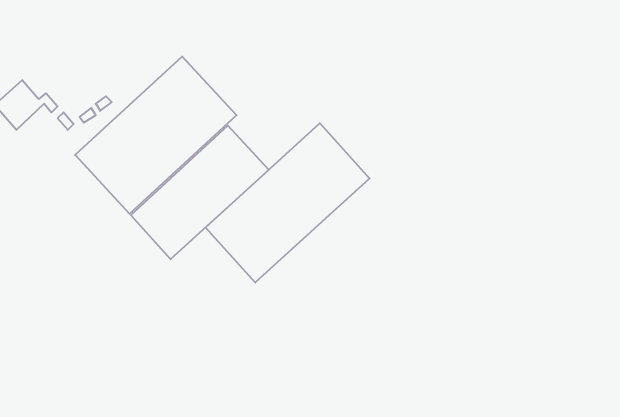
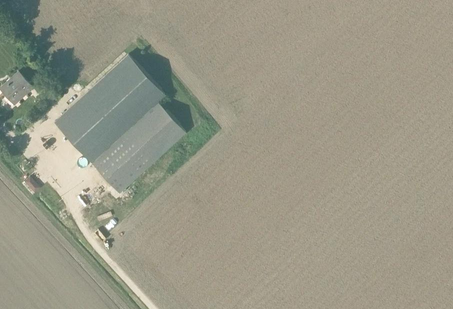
building: [206,123,370,283] -> none

